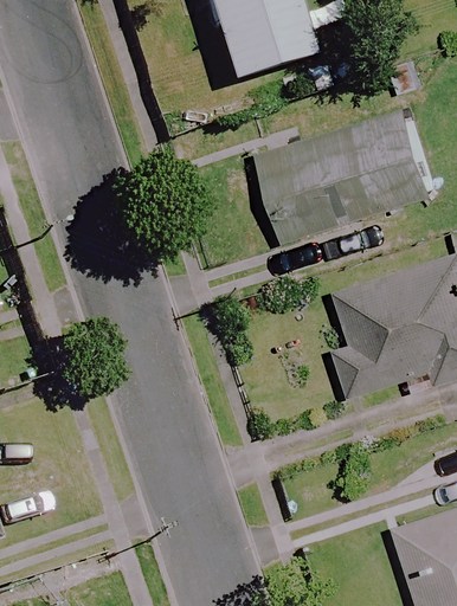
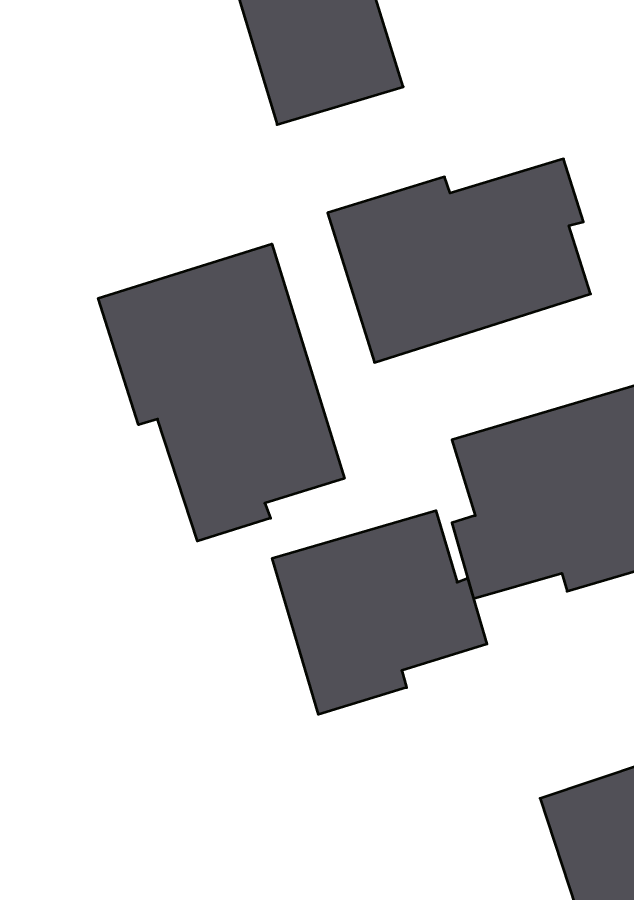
building: none -> [98,244,344,541]
building: none -> [272,511,487,714]

